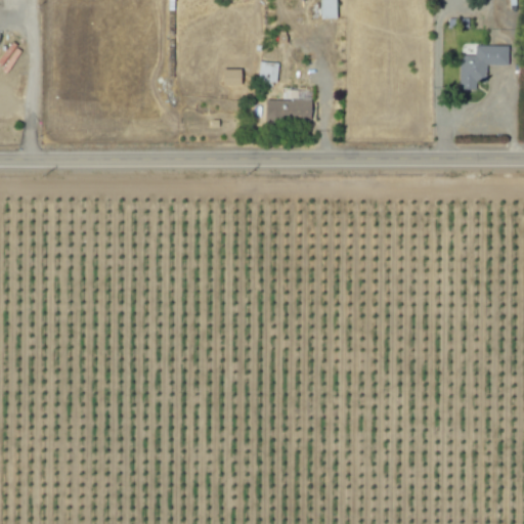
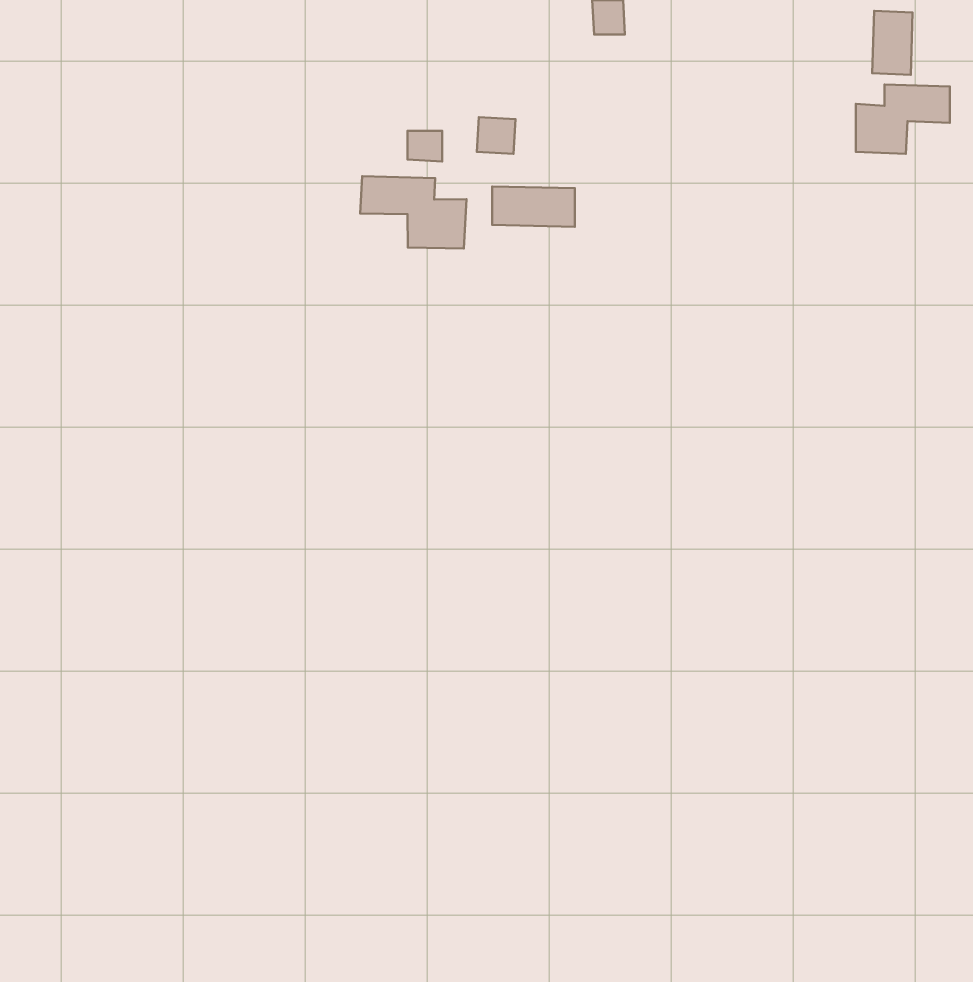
building: none -> [872,11,913,75]
building: none -> [360,176,466,248]

